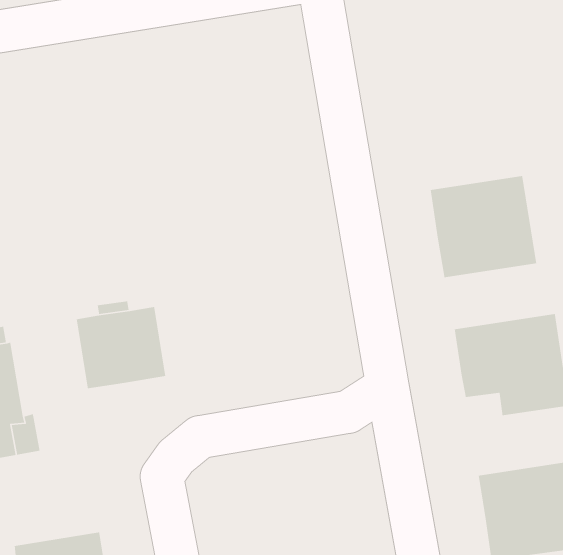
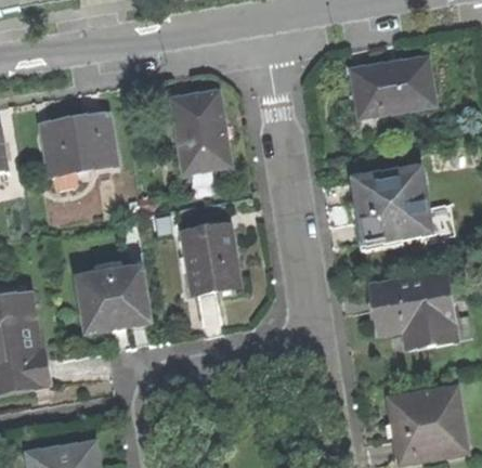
building: none -> [353,57,434,117]
building: none -> [171,90,229,172]
building: none -> [39,115,110,174]
building: none -> [183,226,237,291]

